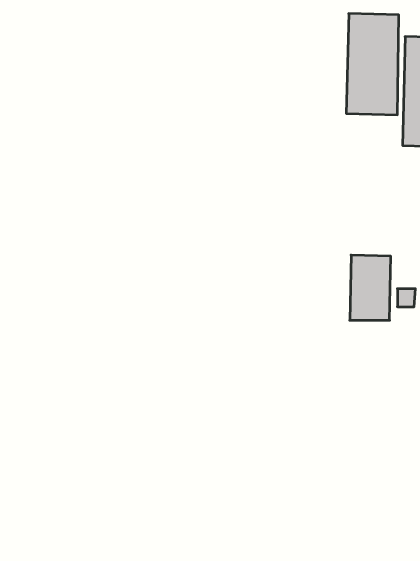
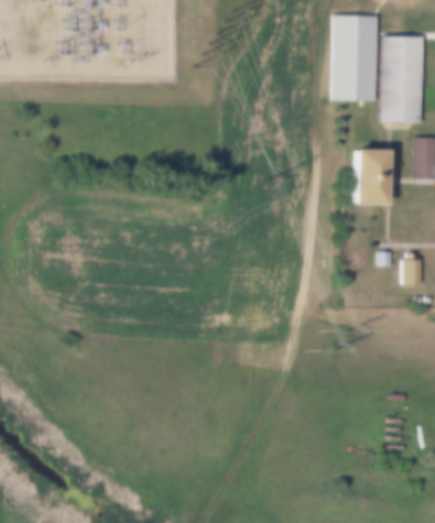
building: [350,255,391,320] -> [350,149,385,205]

